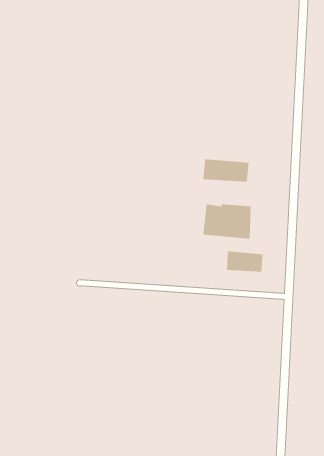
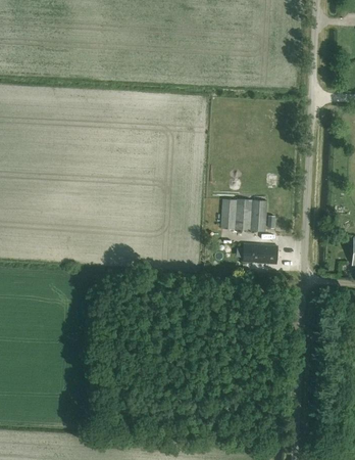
building: [203,158,249,183] -> none

